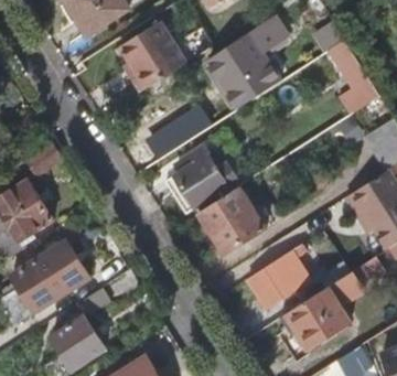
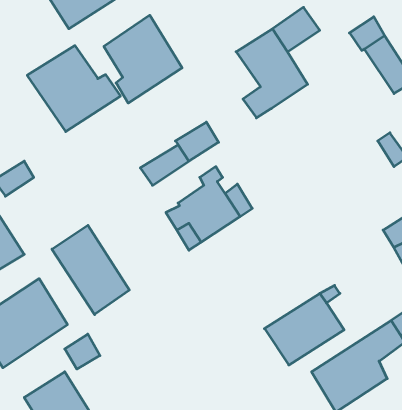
building: none -> [27,46,120,132]
building: [198,187,266,255] -> none
building: none -> [52,225,129,315]

